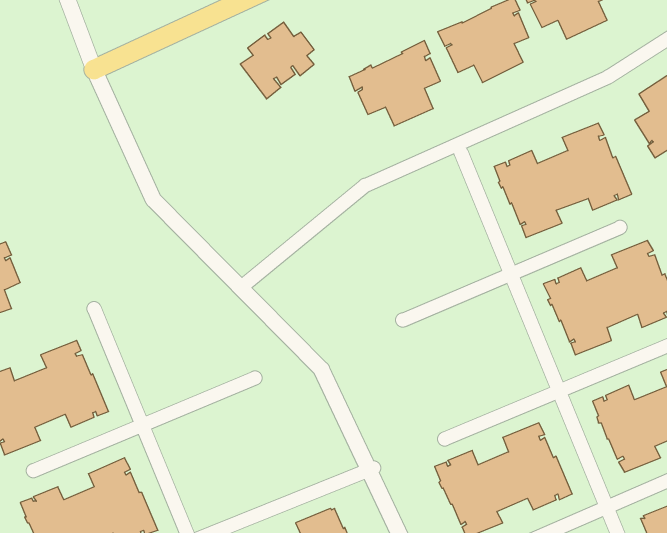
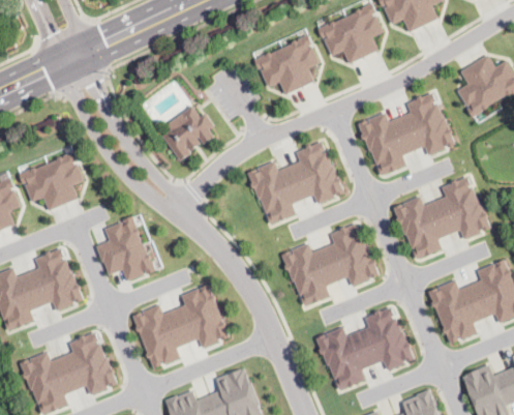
building: [240,22,314,99] -> [161,107,214,161]
building: none -> [247,142,344,224]
building: none -> [18,151,84,211]
building: none -> [95,216,156,283]
building: none -> [281,224,379,305]
building: none -> [131,285,231,369]

